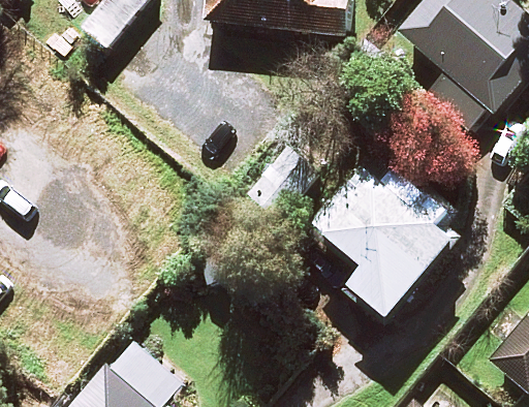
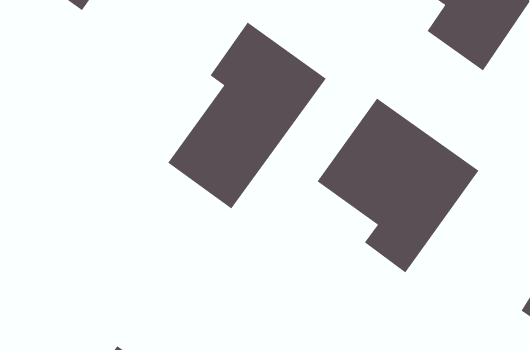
building: none -> [167,22,327,209]

